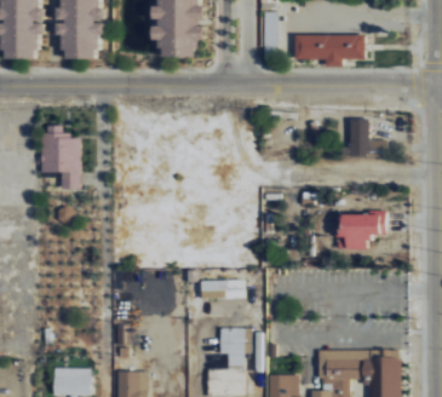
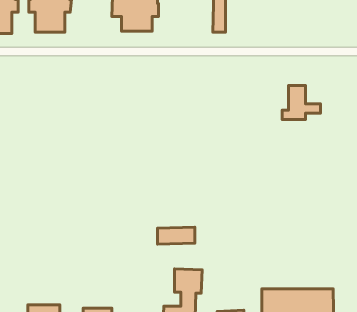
building: [295,34,366,67] -> none
building: [41,125,81,189] -> none
building: [339,213,386,249] -> none

